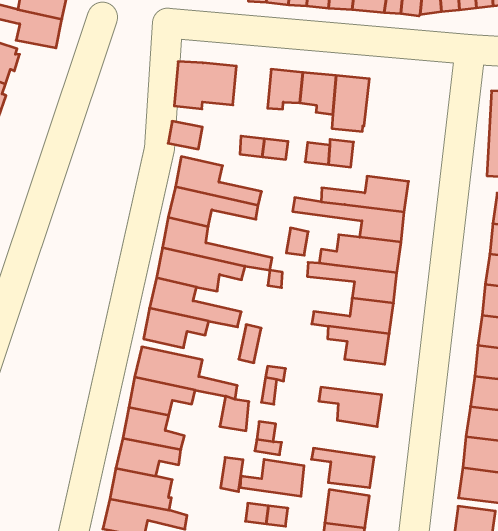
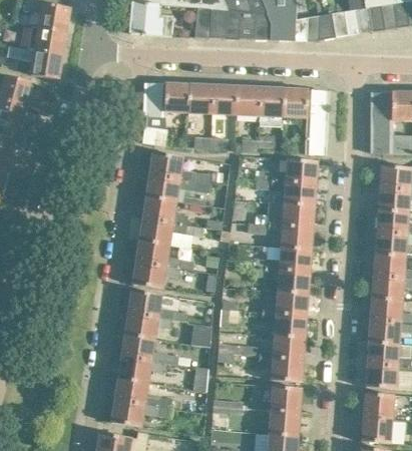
building: none -> [187,84,214,113]
building: none -> [283,88,326,154]
building: none -> [262,291,307,315]
building: [240,459,304,496] -> [259,335,304,360]

